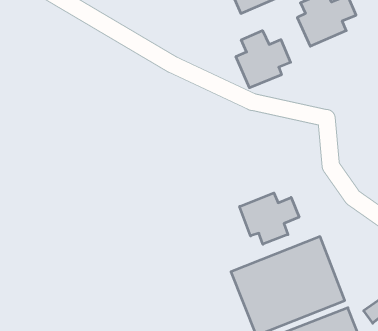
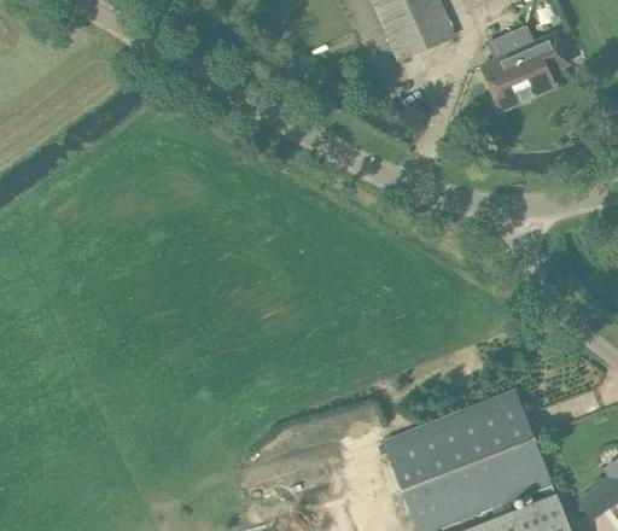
building: [236,31,291,88] -> none
building: [240,193,299,244] -> none

